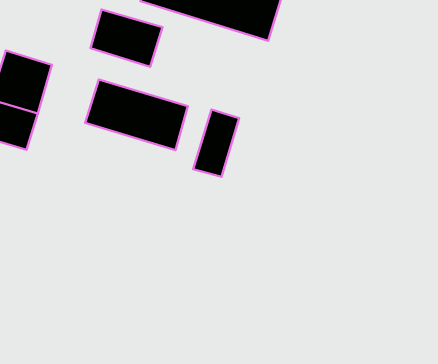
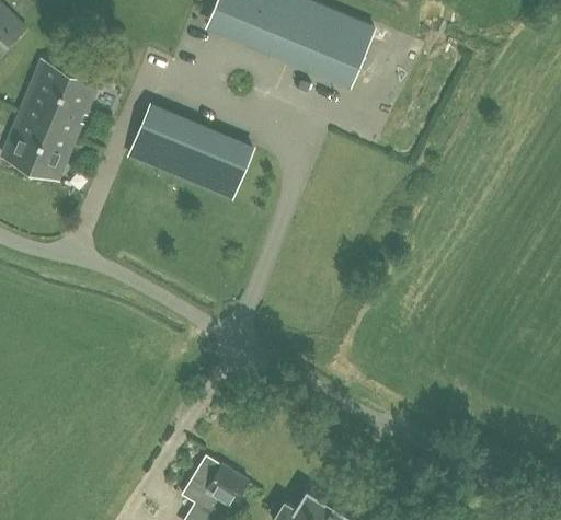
building: [91,10,162,67] -> none
building: [193,109,239,177] -> none

